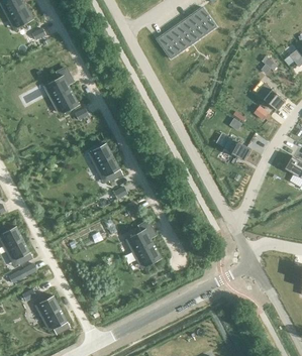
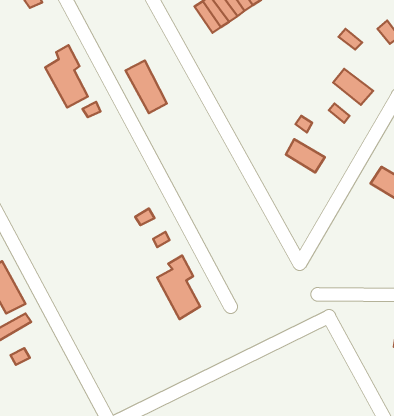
building: [89,142,119,181] -> [125,61,167,113]
building: [38,294,69,334] -> none

